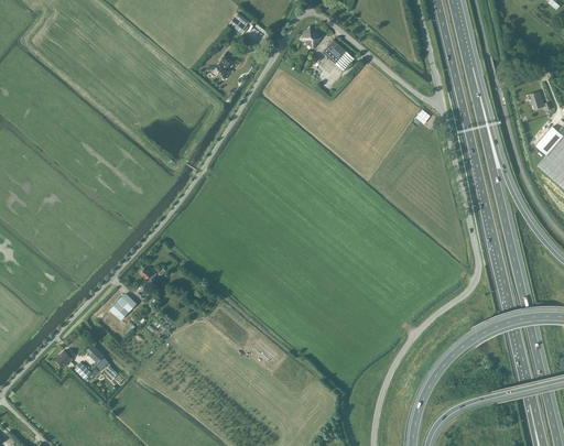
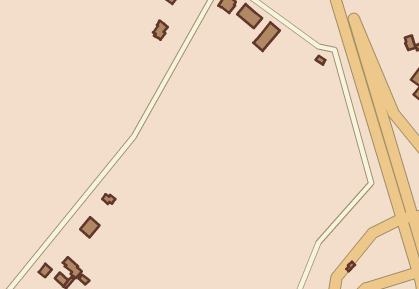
building: none -> [253,22,280,51]

